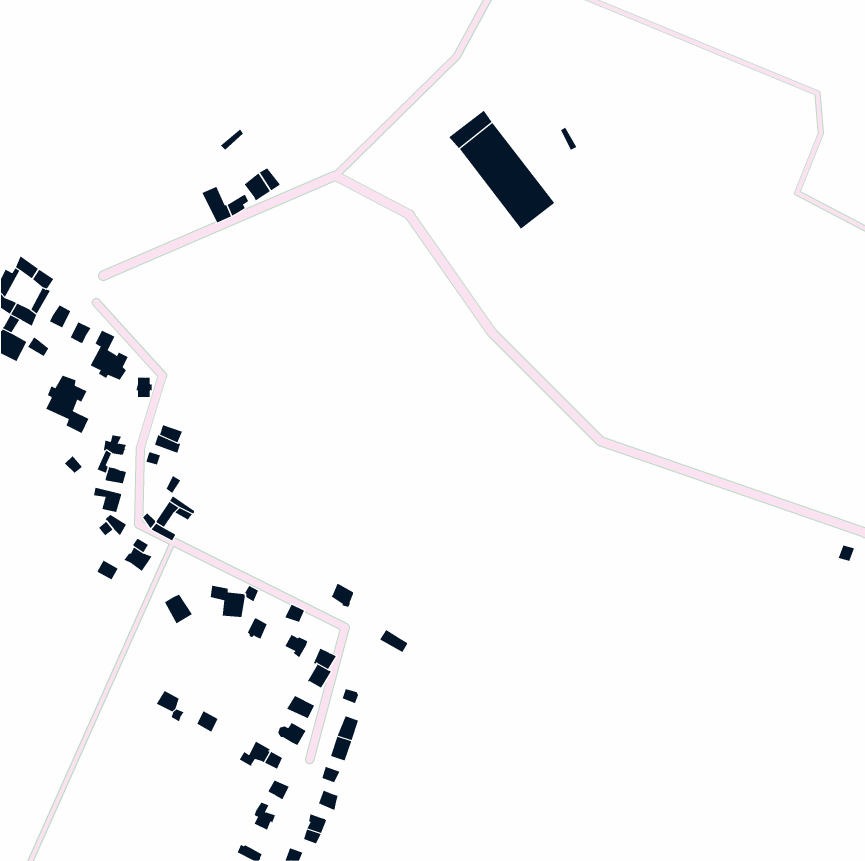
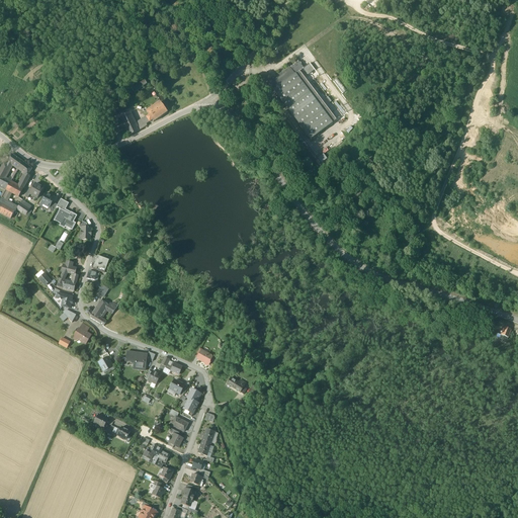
building: [45,375,89,434] -> none

